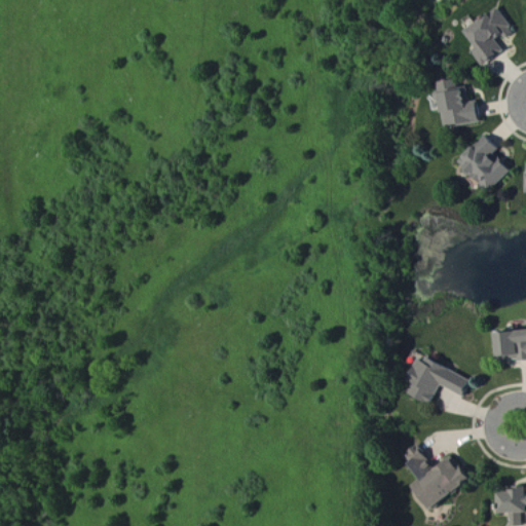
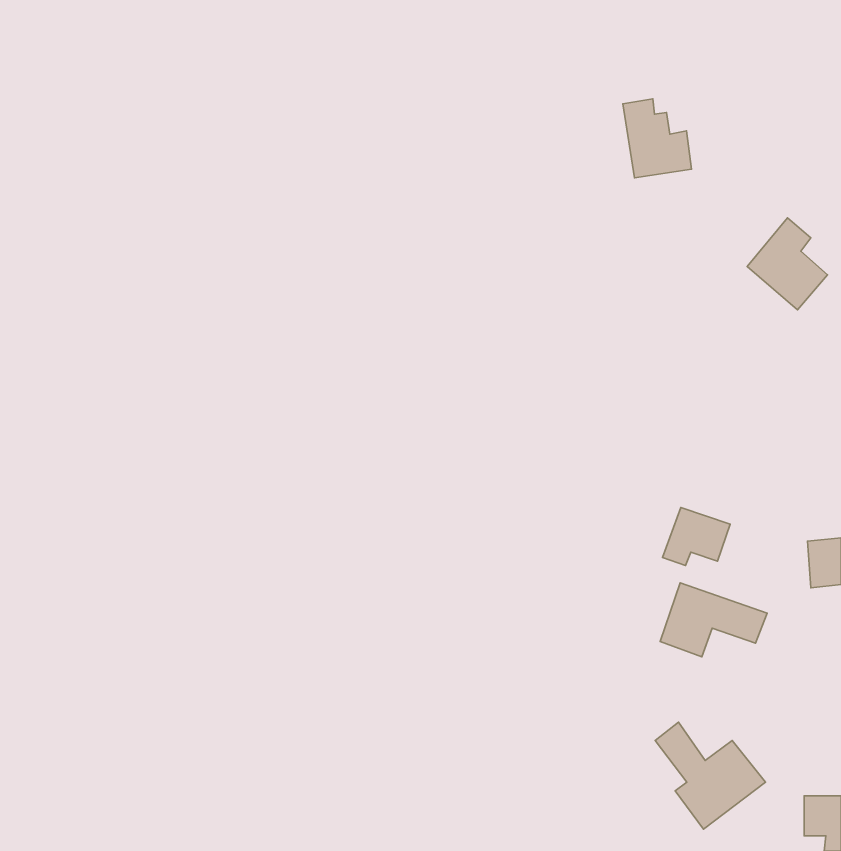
building: [465,9,511,66] -> none
building: [437,78,479,126] -> [623,99,691,178]
building: none -> [662,507,730,565]

